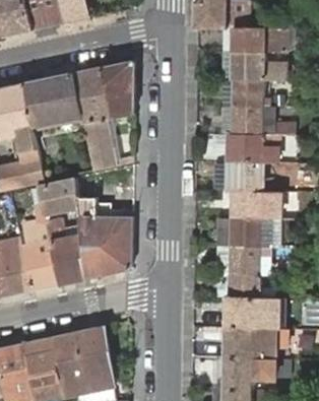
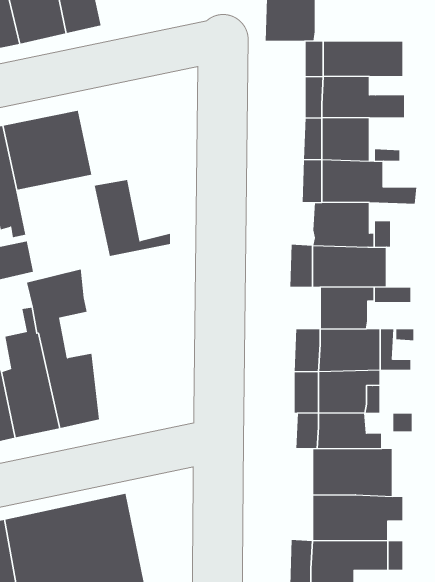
building: [72,60,134,123] -> none
building: [76,197,132,277] -> none

